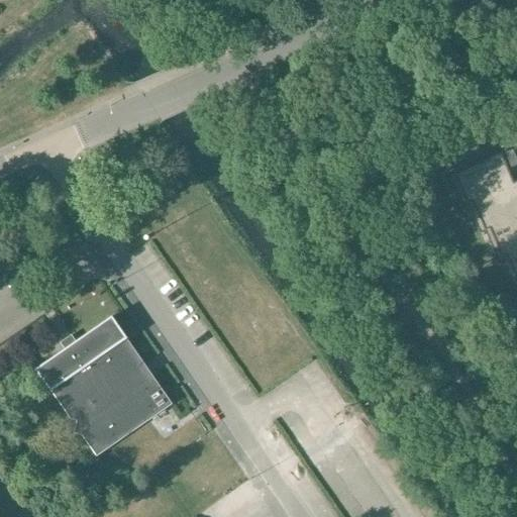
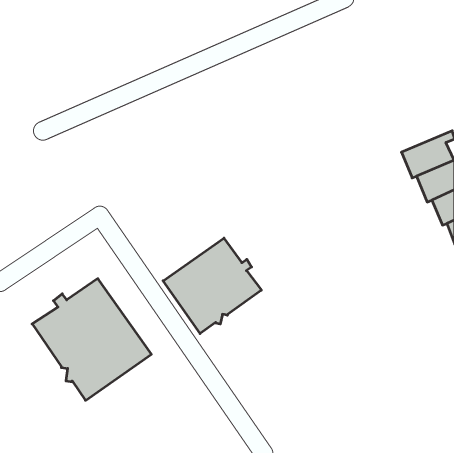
building: none -> [163,238,261,334]

